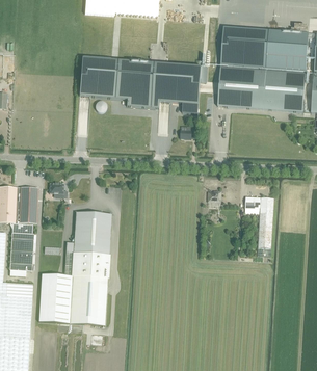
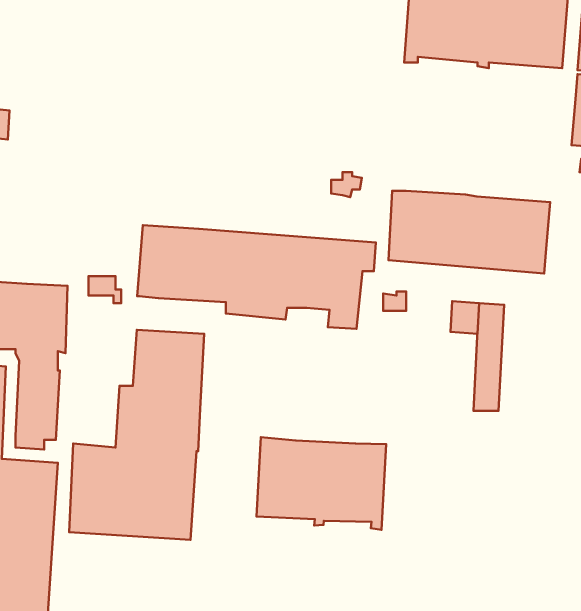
building: [79,56,208,112] -> [137,225,376,329]
building: [218,67,306,111] -> [388,191,550,273]
building: none -> [257,437,386,530]

